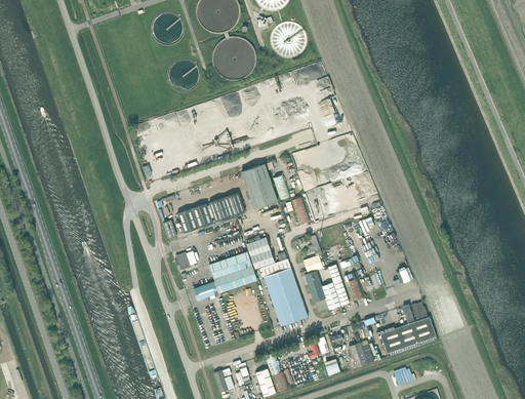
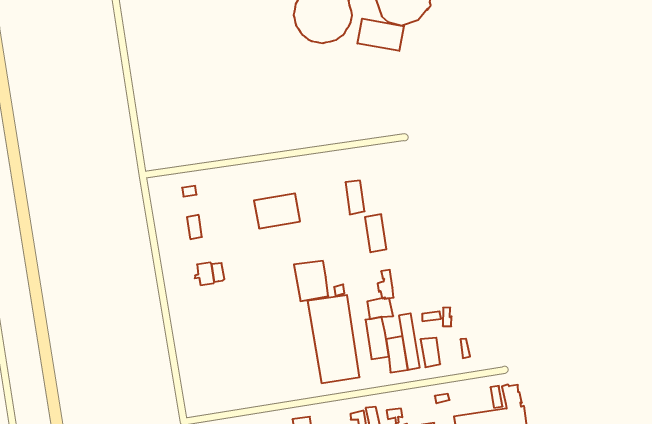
building: none -> [357,19,404,51]
building: [241,163,277,208] -> none
building: [176,203,212,233] -> none
building: [193,252,252,300] -> none

